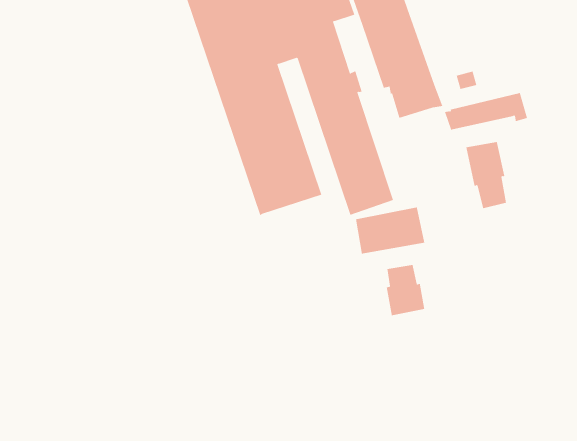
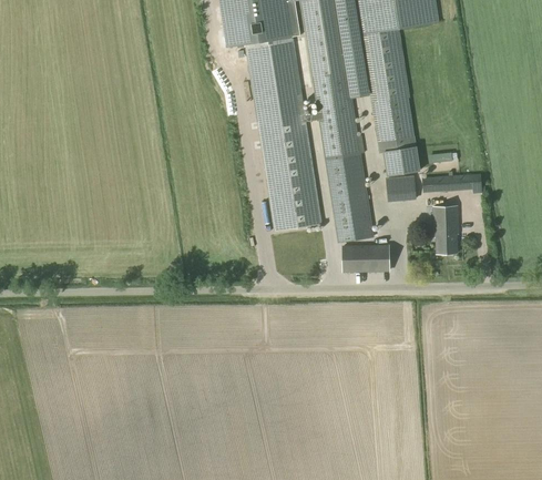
building: none -> [387,174,417,202]
building: [386,264,425,316] -> none

